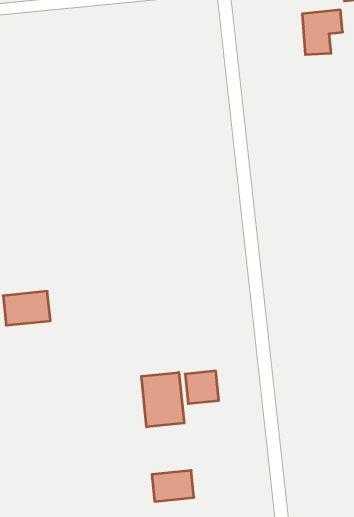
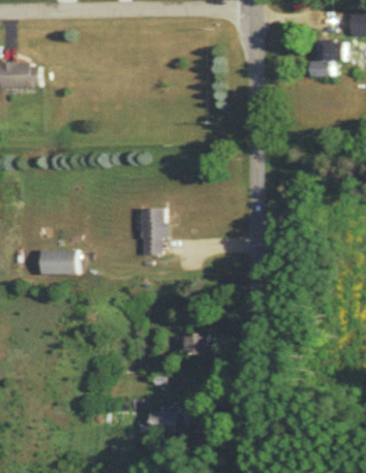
building: none -> [141,209,164,254]
building: [141,372,184,427] -> none

